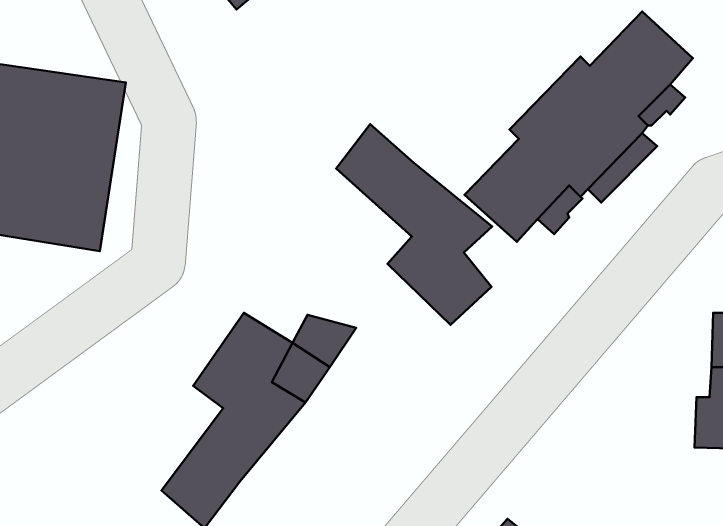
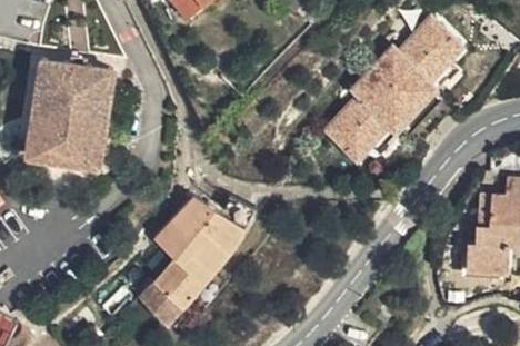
building: [336,124,492,325] -> none

